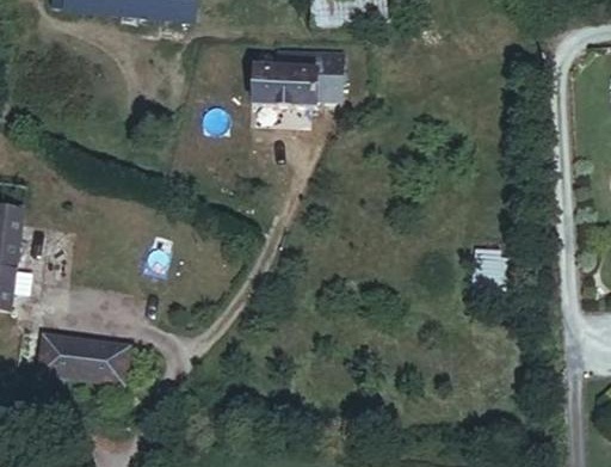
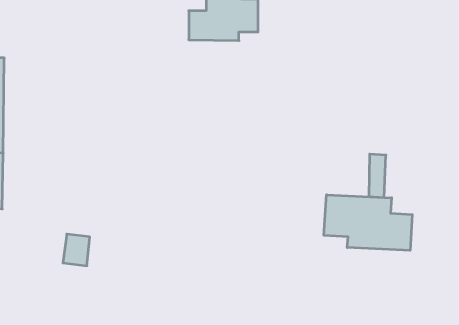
building: none -> [324,195,412,250]
building: [38,333,97,375] -> none

